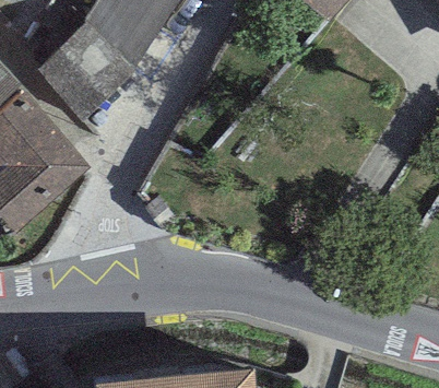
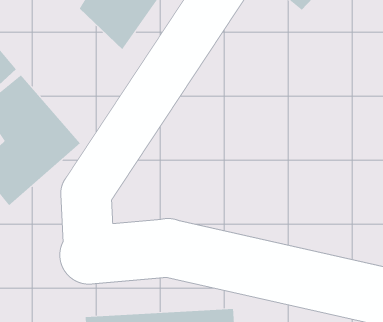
building: [36,23,133,122] -> none

